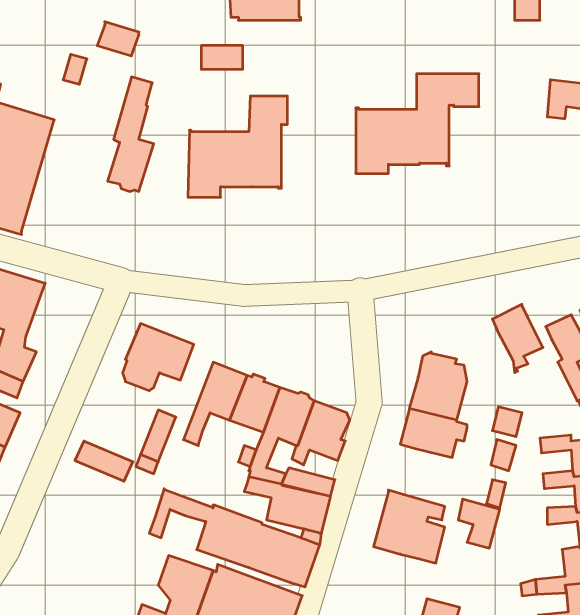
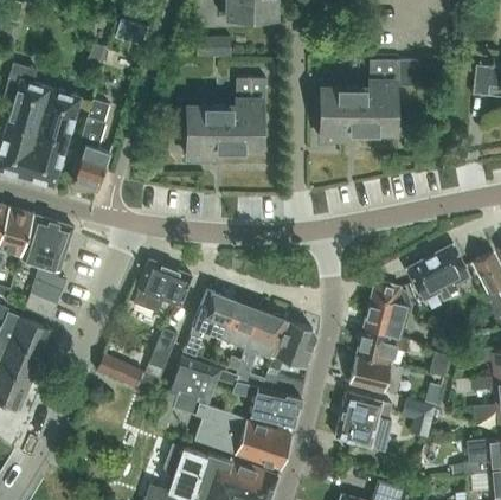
building: [108,77,154,191] -> [73,100,110,191]
building: none -> [406,256,448,301]
building: none -> [349,355,403,395]
building: none -> [169,357,237,404]

